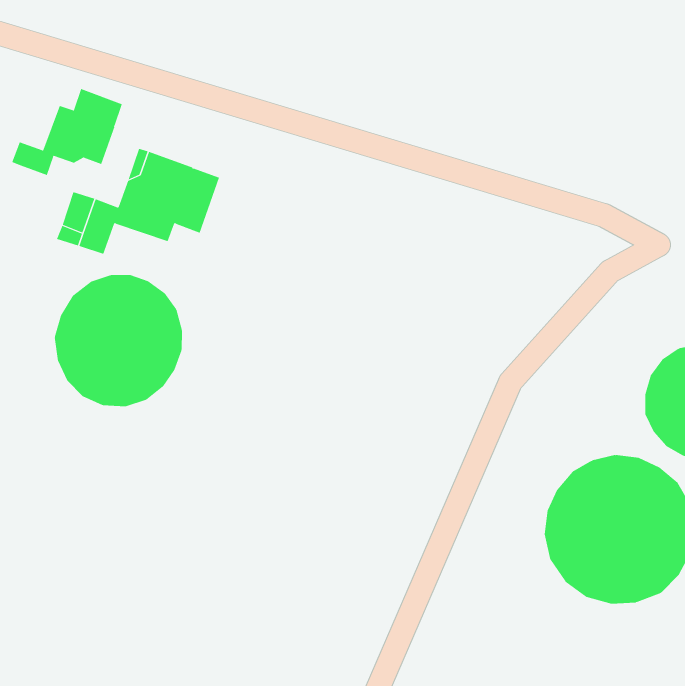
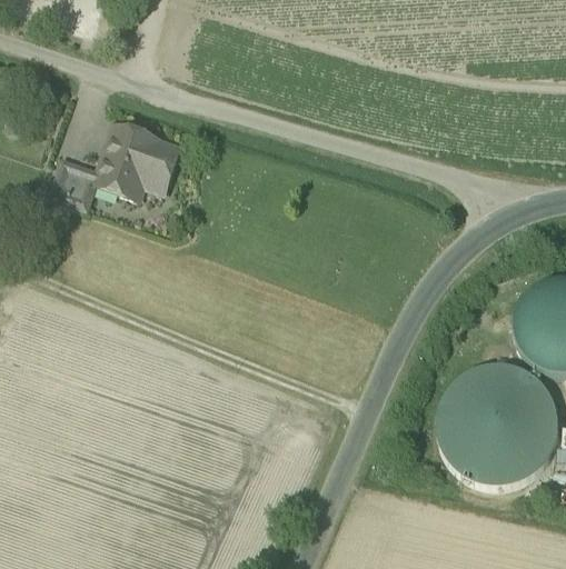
building: [11,88,123,176] -> none
building: [54,274,182,407] -> none

